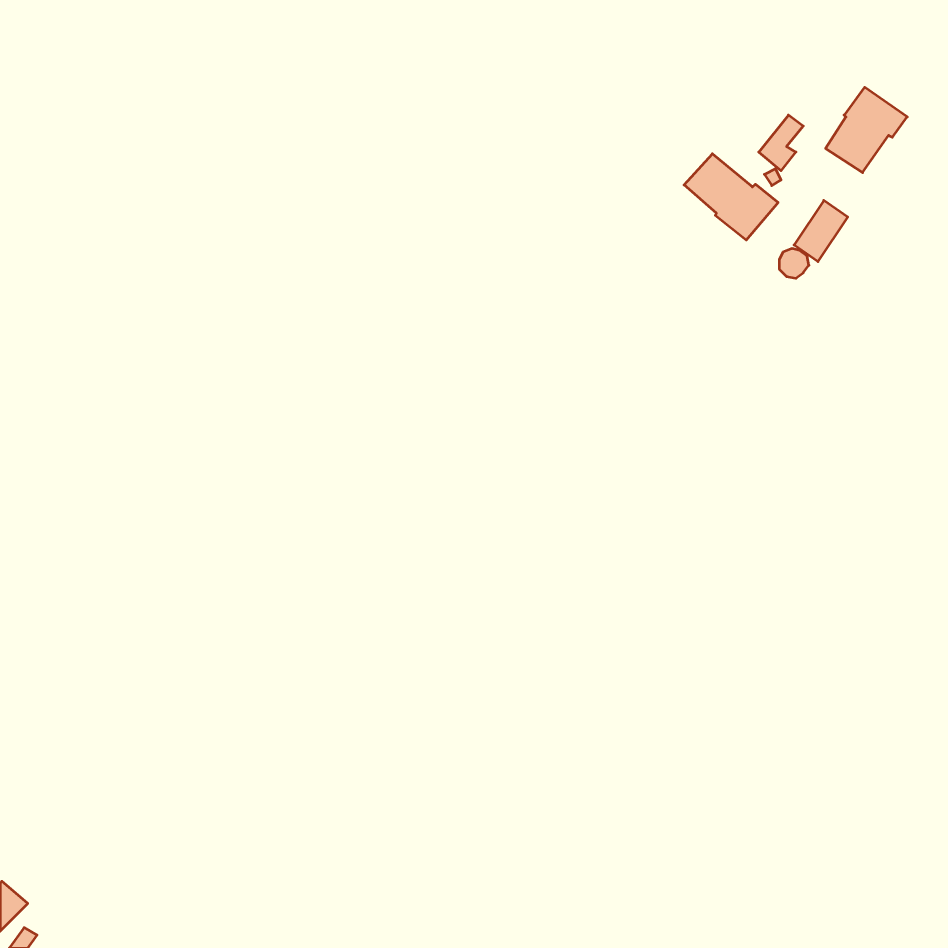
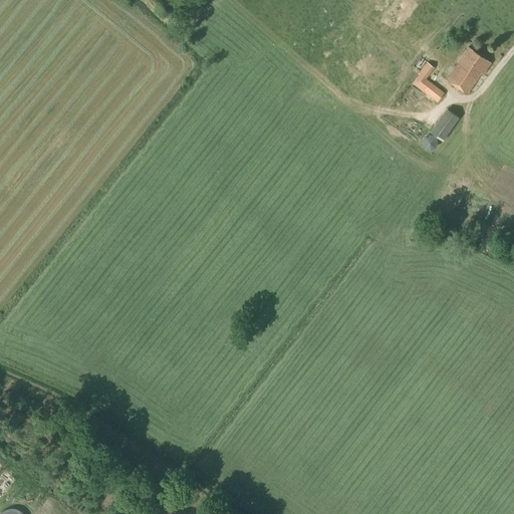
building: [684,154,778,240] -> none

